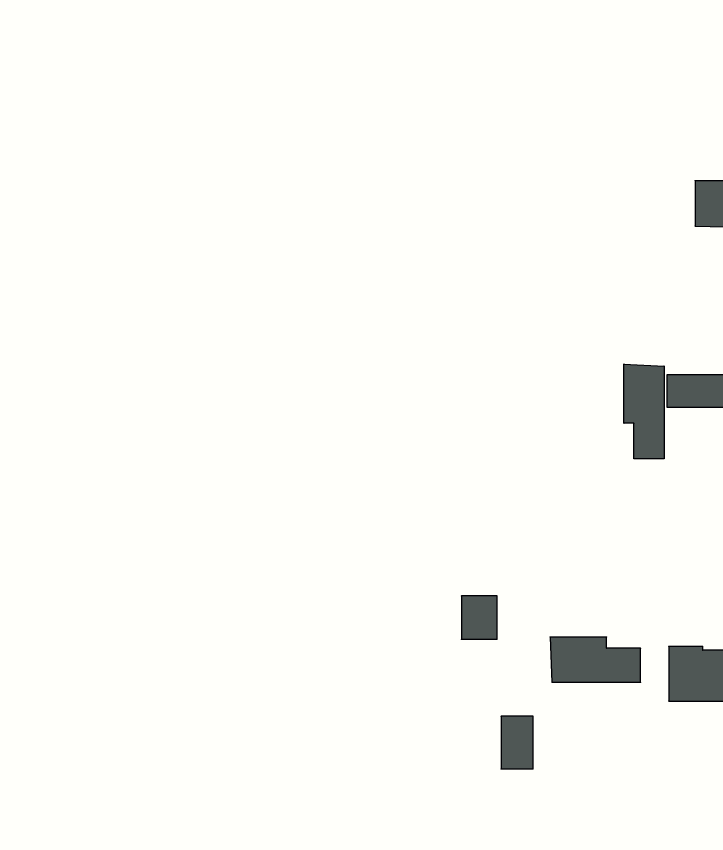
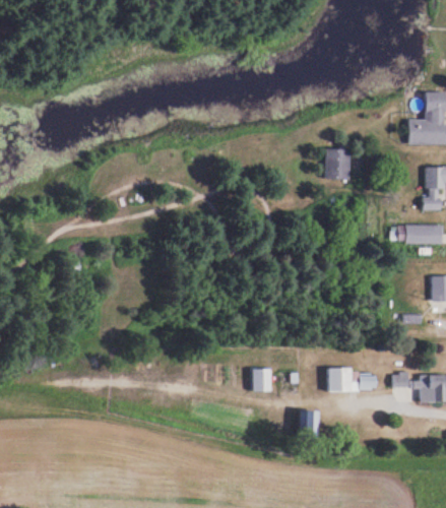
building: none -> [325,149,349,180]
building: [624,364,664,459] -> none
building: [461,596,497,639] -> [252,368,271,391]

